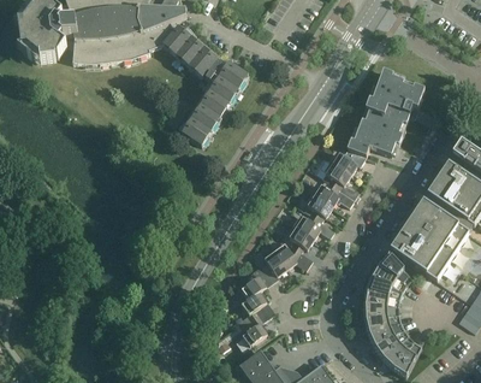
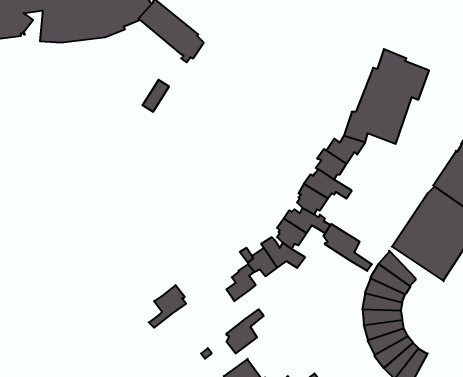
building: [182,63,248,146] -> none
building: none -> [323,224,372,271]
building: [236,289,269,328] -> [149,285,186,328]

